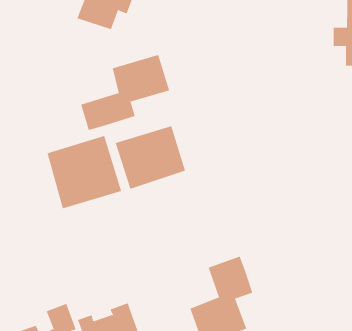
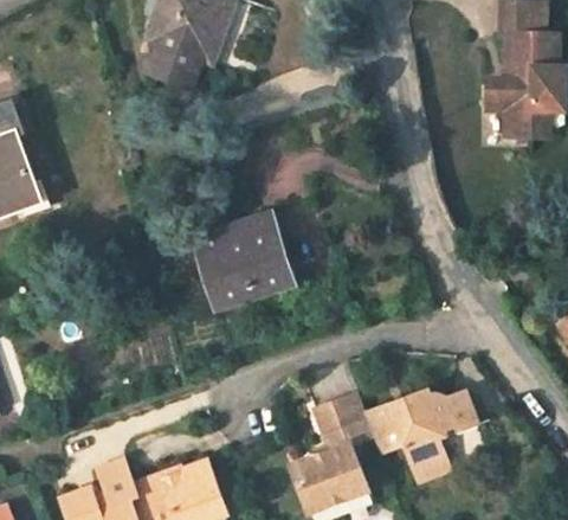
building: [80,54,170,131] -> none
building: [47,135,122,209] -> none
building: none -> [370,384,482,479]

